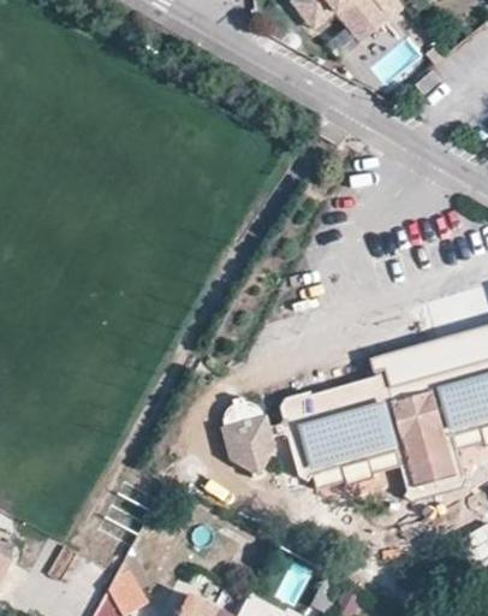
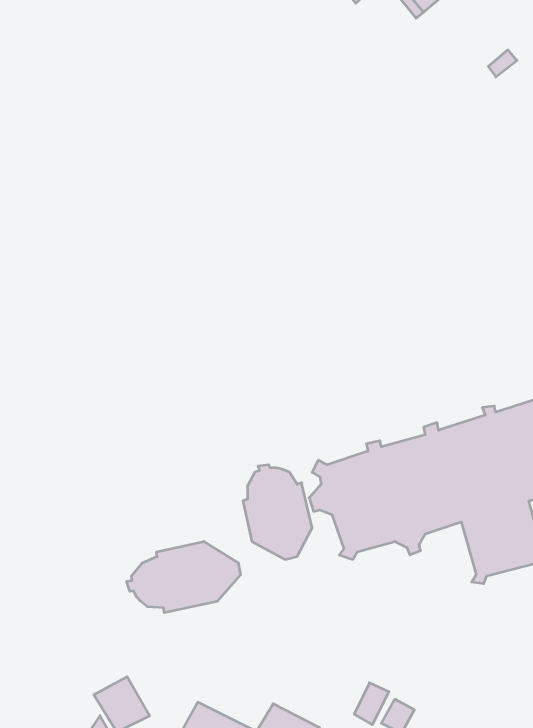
building: none -> [127,541,241,613]

